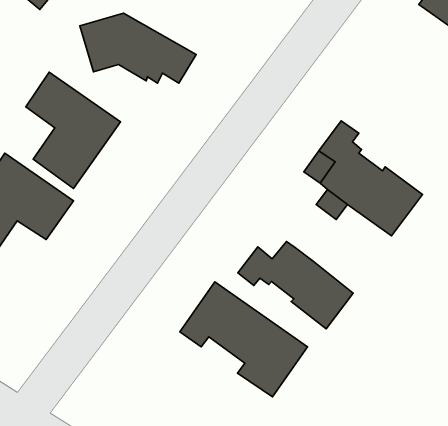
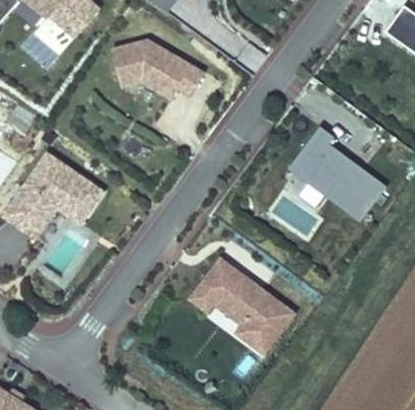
building: [26,72,121,188] -> none
building: [238,241,353,329] -> none

